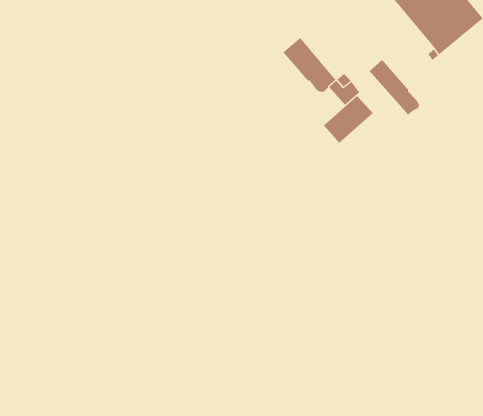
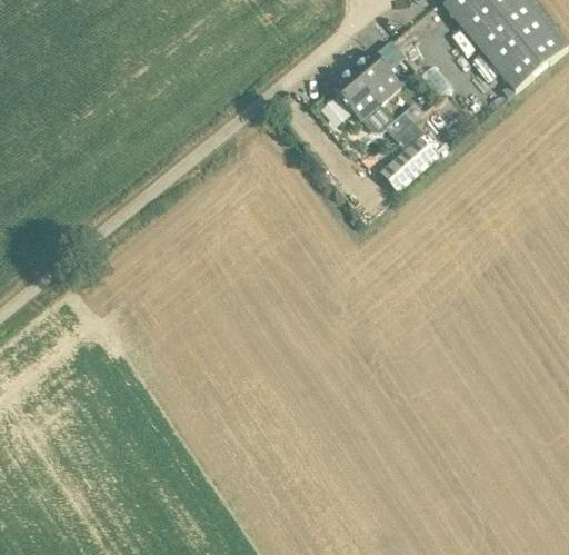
building: none -> [352,49,402,101]
building: [369,59,419,116] -> none

